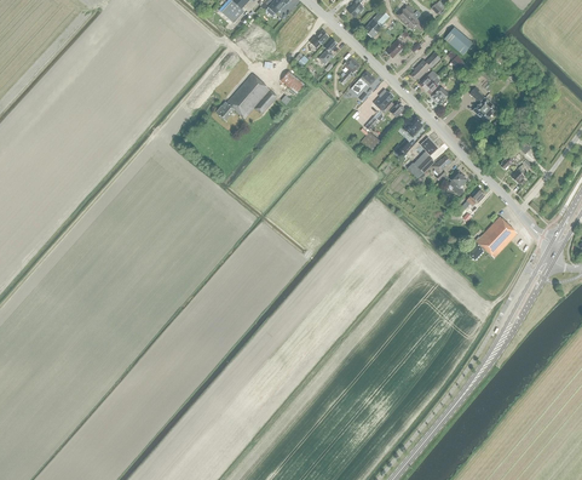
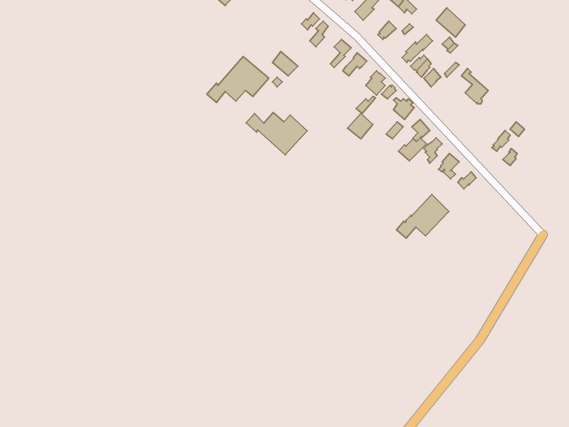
building: none -> [246,113,307,155]
building: [465,216,517,259] -> [397,195,449,238]

